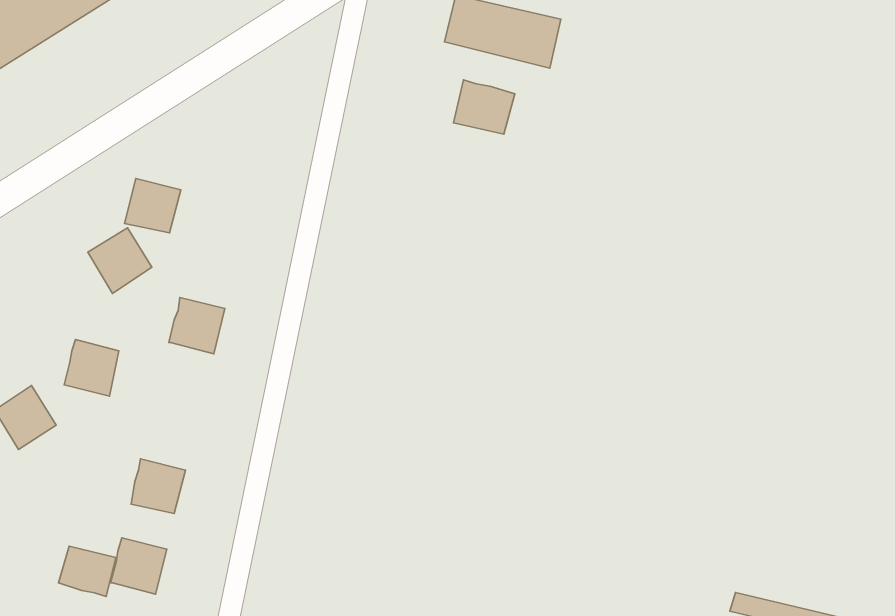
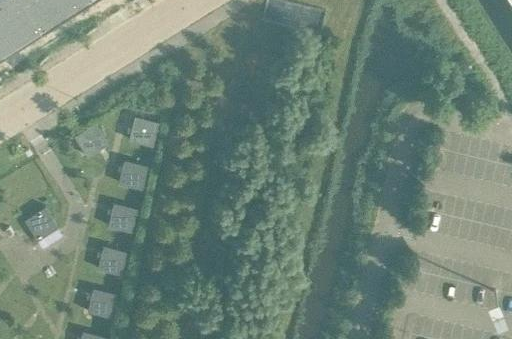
building: [454,80,515,134] -> none
building: [124,178,181,233] -> [129,118,159,147]
building: [64,340,119,396] -> [108,204,137,234]
building: [59,546,116,596] -> none

